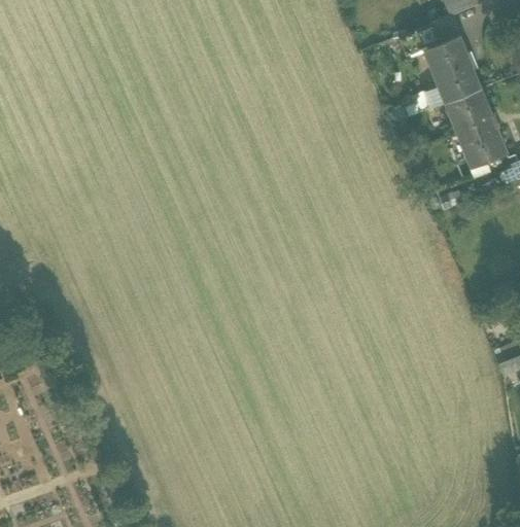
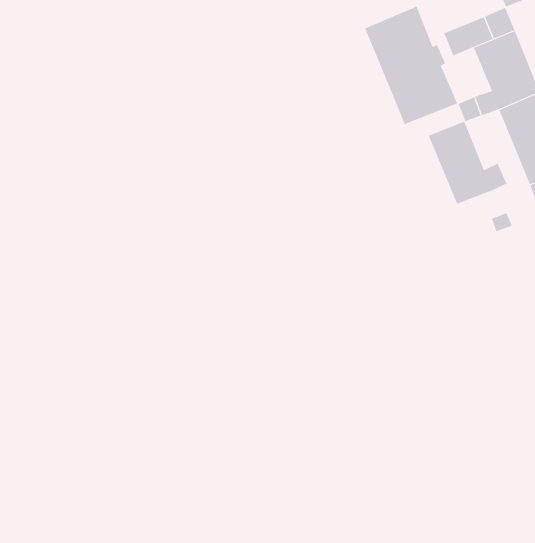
building: none -> [365,6,458,125]
building: none -> [428,121,507,204]

